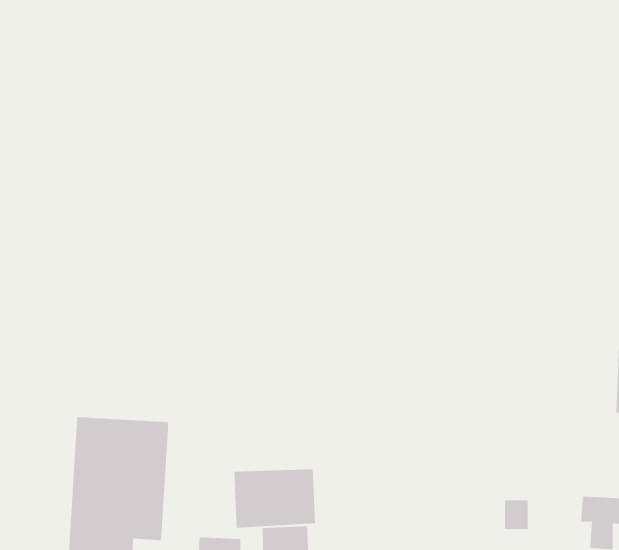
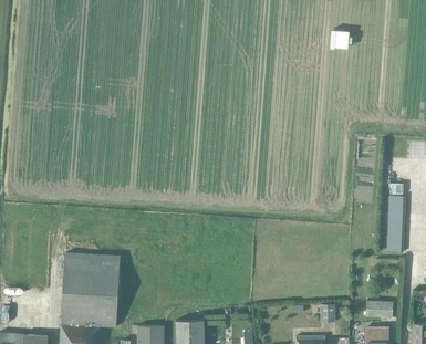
building: [234,469,315,529] -> none

